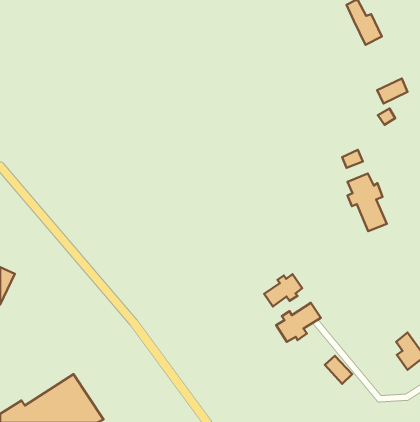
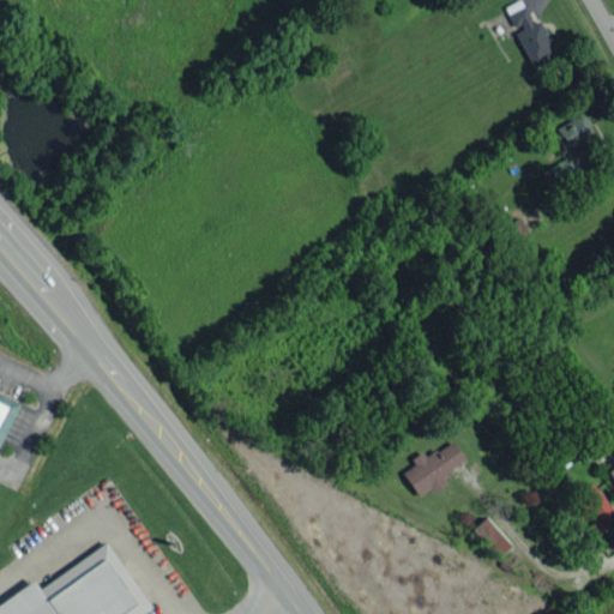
building: [347,173,387,231] -> none
building: [264,274,302,306] -> none

